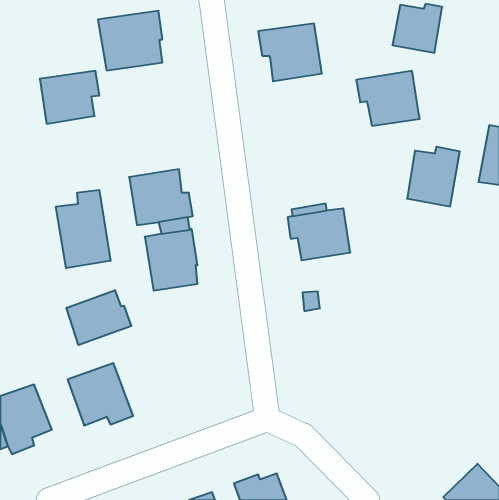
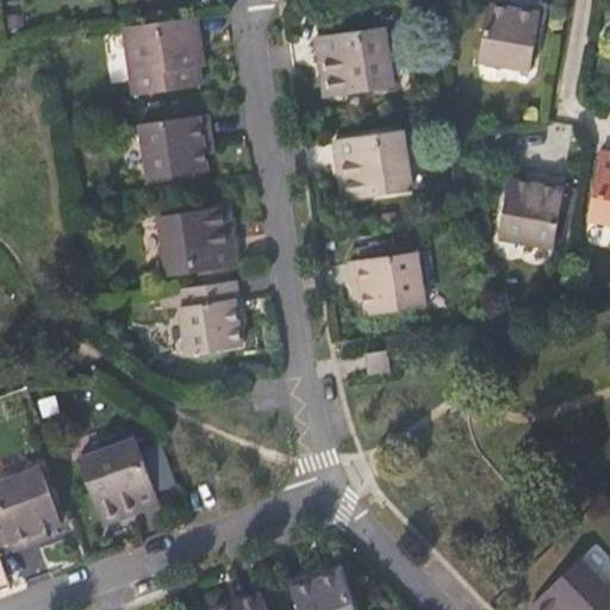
building: [40,71,99,124] -> [139,112,212,176]
building: [356,71,420,126] -> [336,135,413,201]
building: [56,190,110,268] -> none
building: [66,290,131,345] -> none

